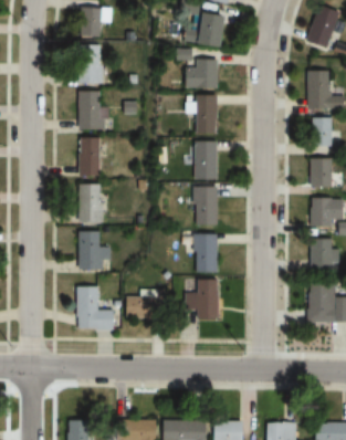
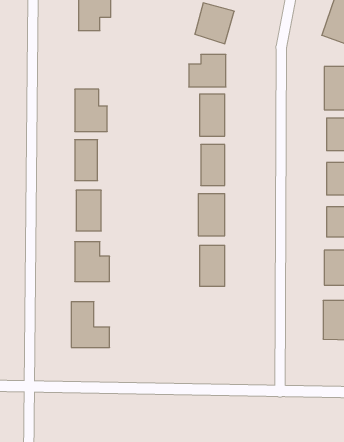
building: [82,45,105,83] -> none
building: [187,280,219,316] -> none
building: [125,289,166,317] -> none

